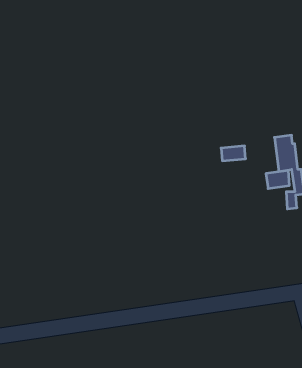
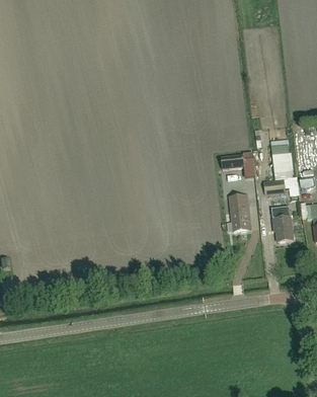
building: none -> [229,191,251,231]
building: none -> [272,217,293,241]

